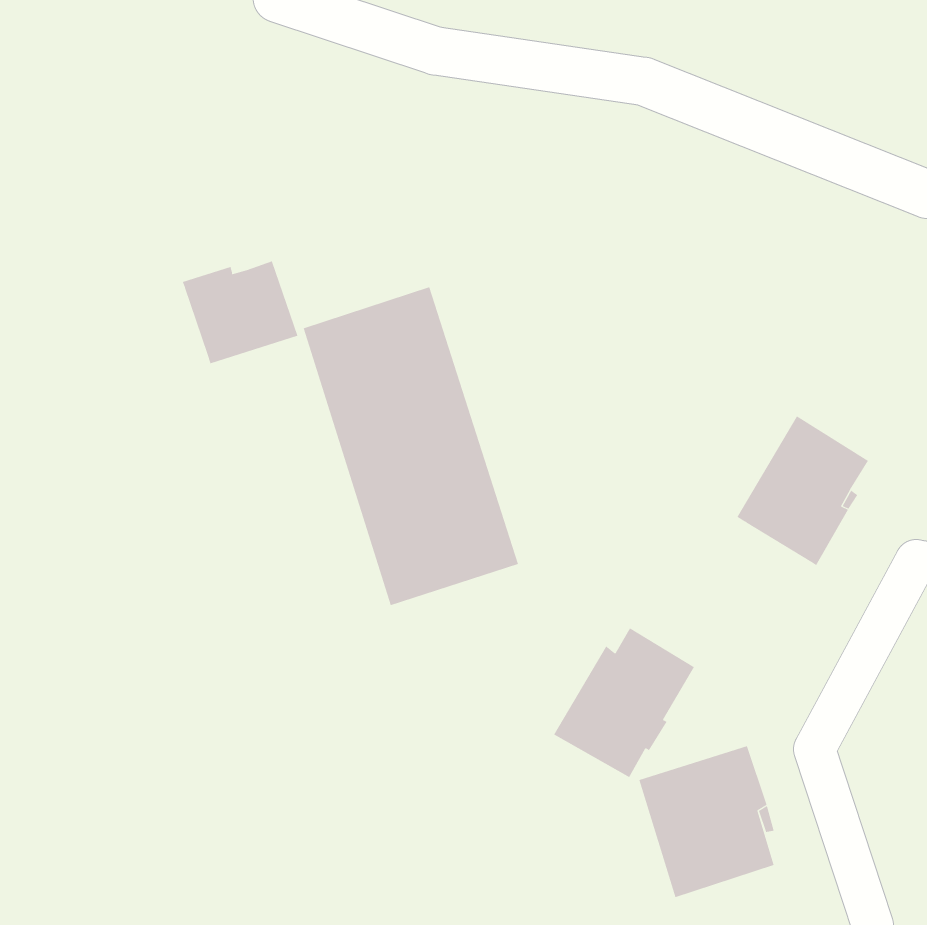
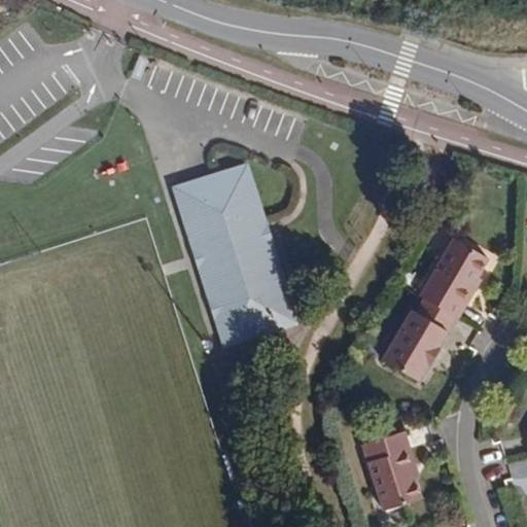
building: [182,261,298,364] -> none
building: [553,627,695,778] -> [380,296,460,382]

